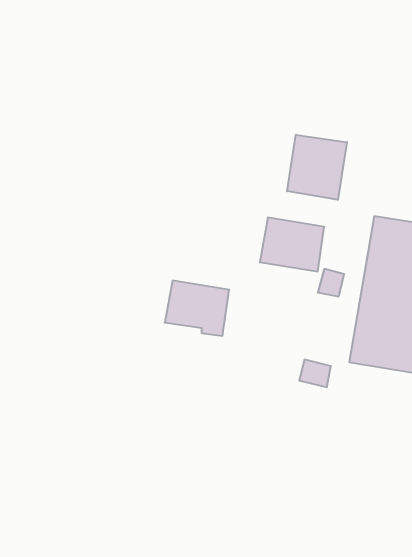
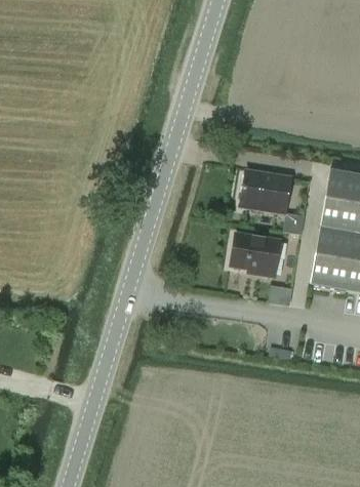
building: [287,135,347,200] -> none
building: [165,281,229,336] -> [230,234,280,277]

